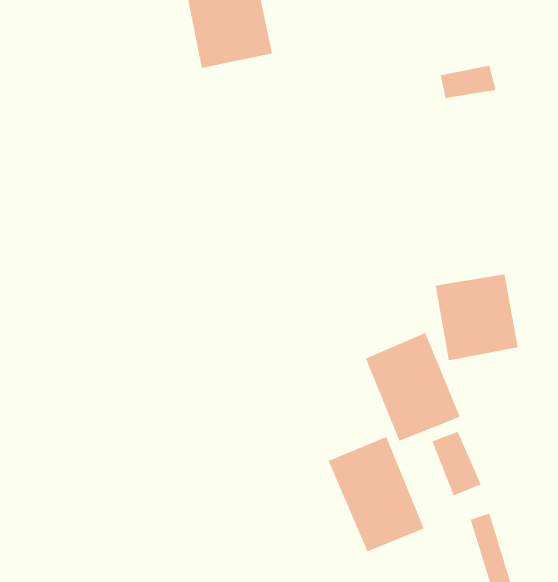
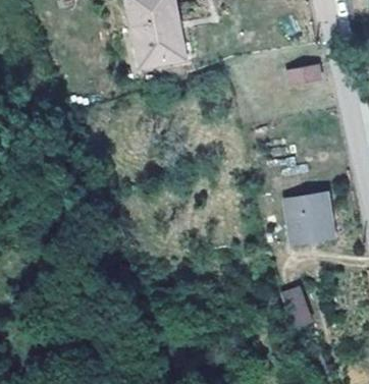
building: [365,332,461,441] -> none
building: [328,436,424,552] -> none

